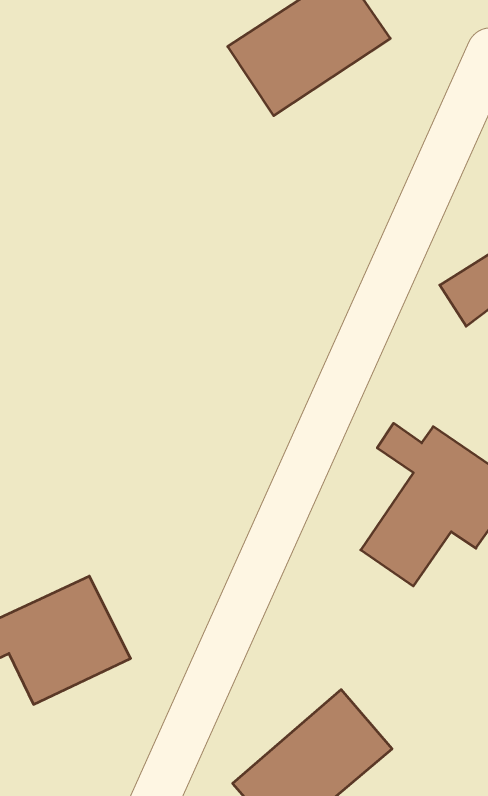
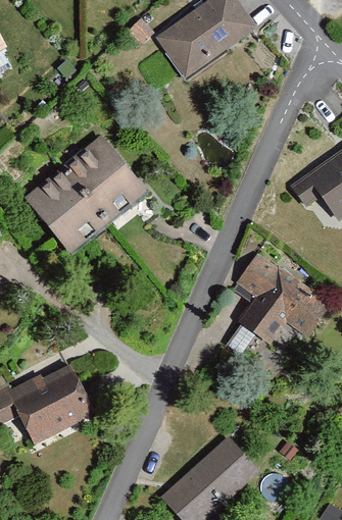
building: none -> [25,136,146,254]

